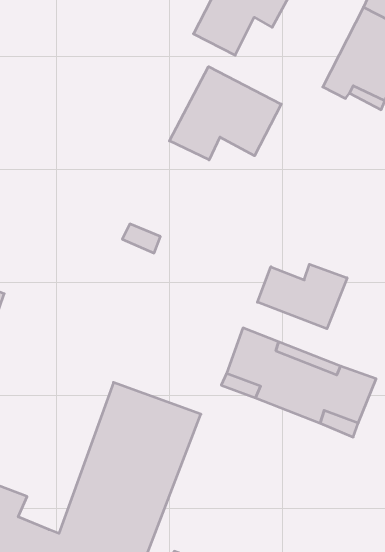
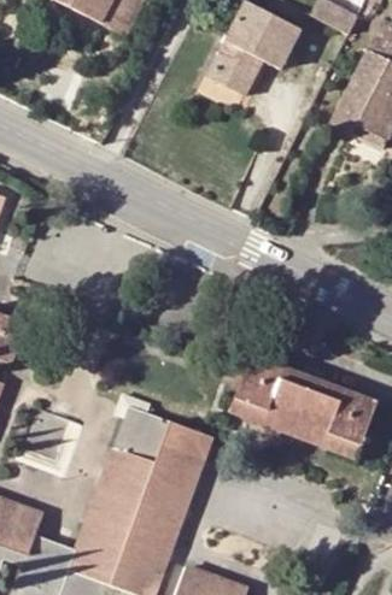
building: [169,67,281,160] -> none
building: [257,264,347,329] -> none

